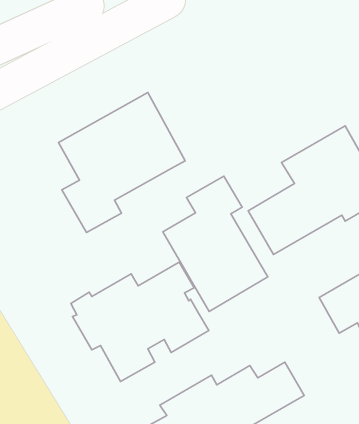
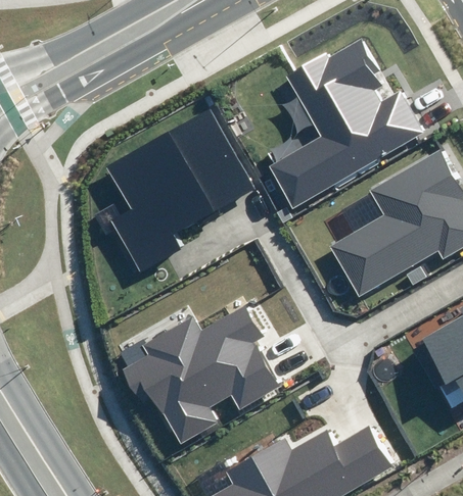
building: none -> [270,37,424,207]
building: [163,176,268,311] -> none

